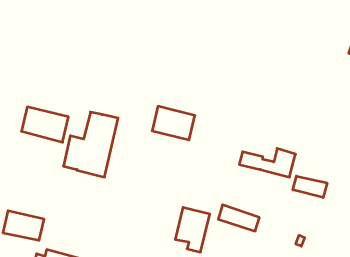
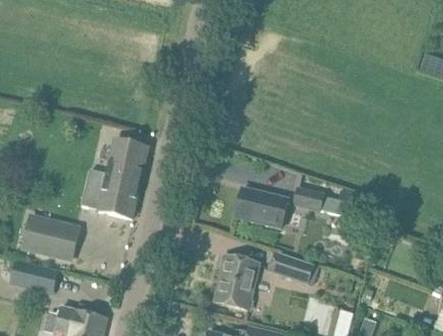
building: [152,106,195,140] -> [234,187,286,227]
building: [21,107,68,142] -> [21,216,78,259]
building: [293,176,327,198] -> none

